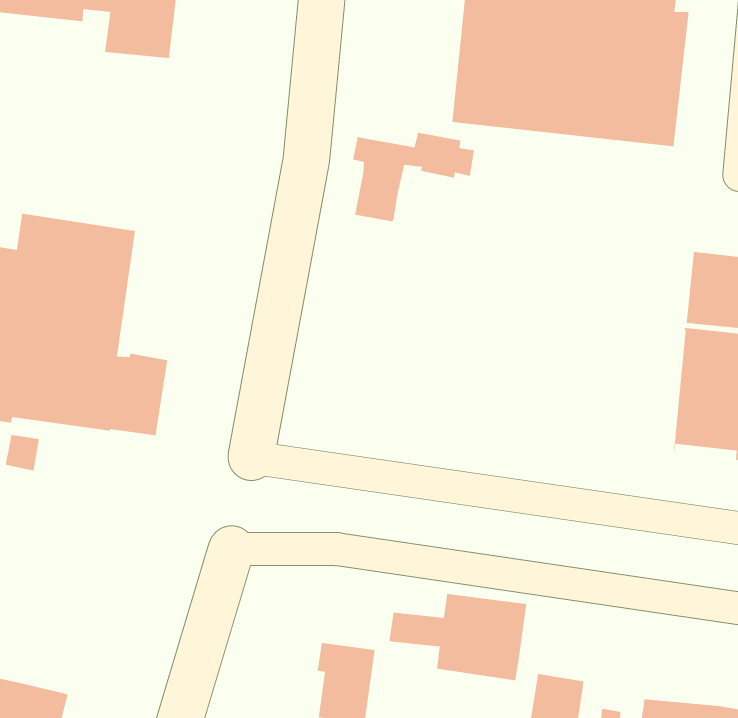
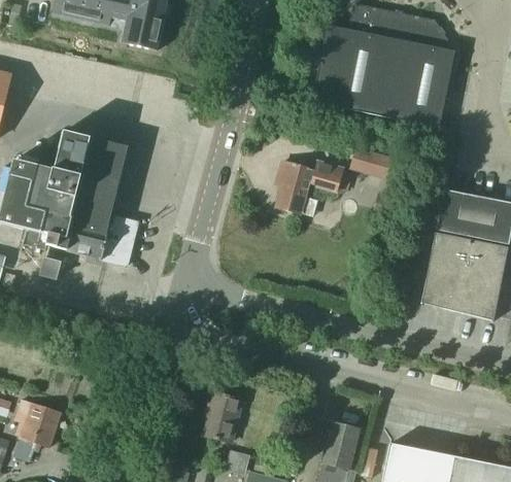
building: [352,132,475,222] -> [276,161,349,212]
building: none -> [350,148,394,176]
building: [388,593,527,681] -> none

